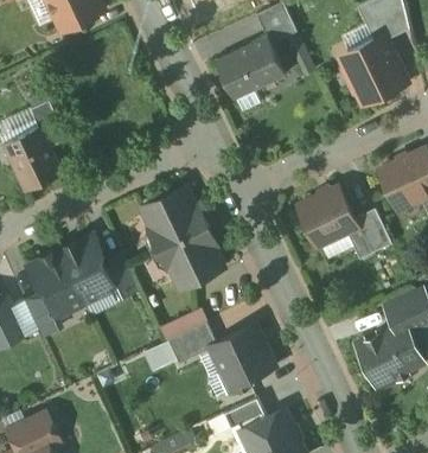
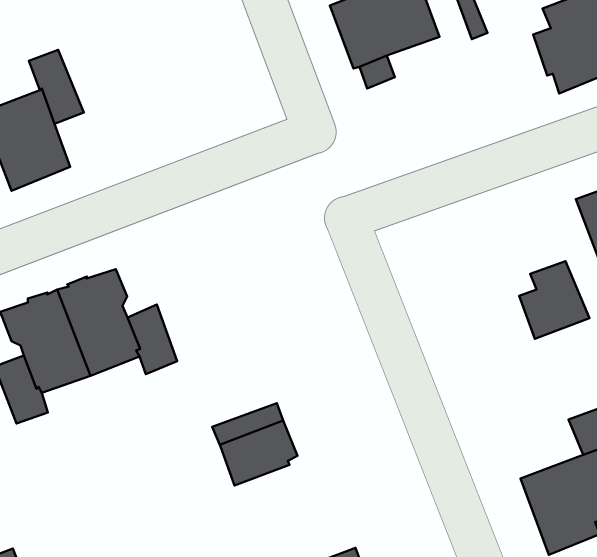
building: [141,186,222,288] -> none
building: [296,186,357,247] -> none
building: [210,325,273,390] -> none

